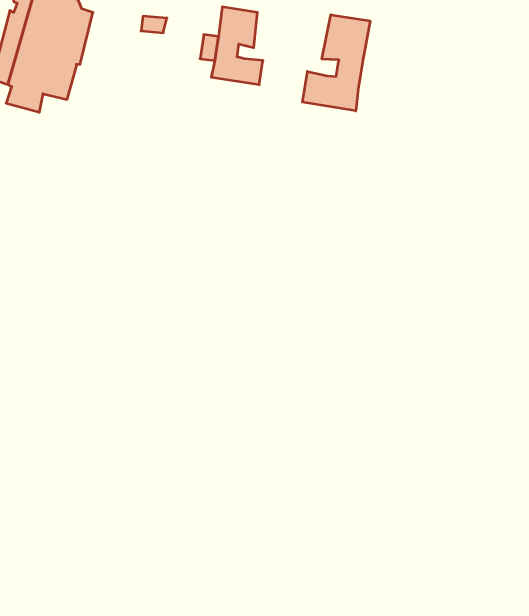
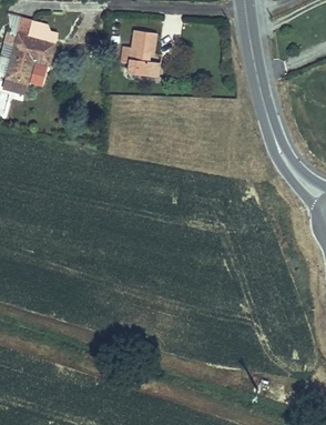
building: [302,15,370,111] -> none

